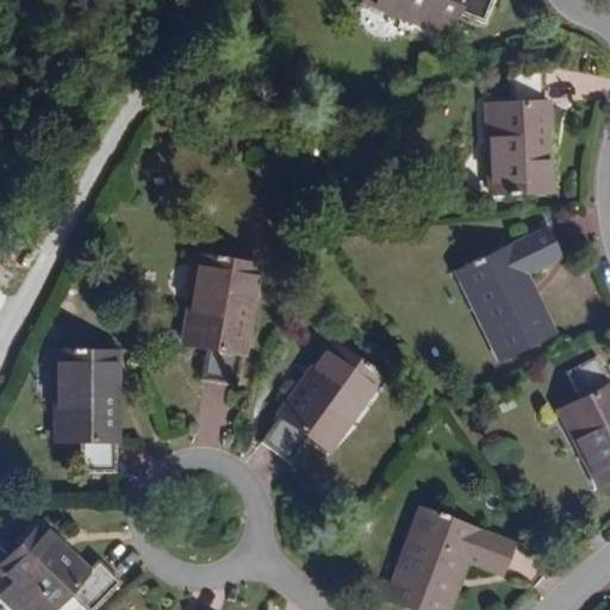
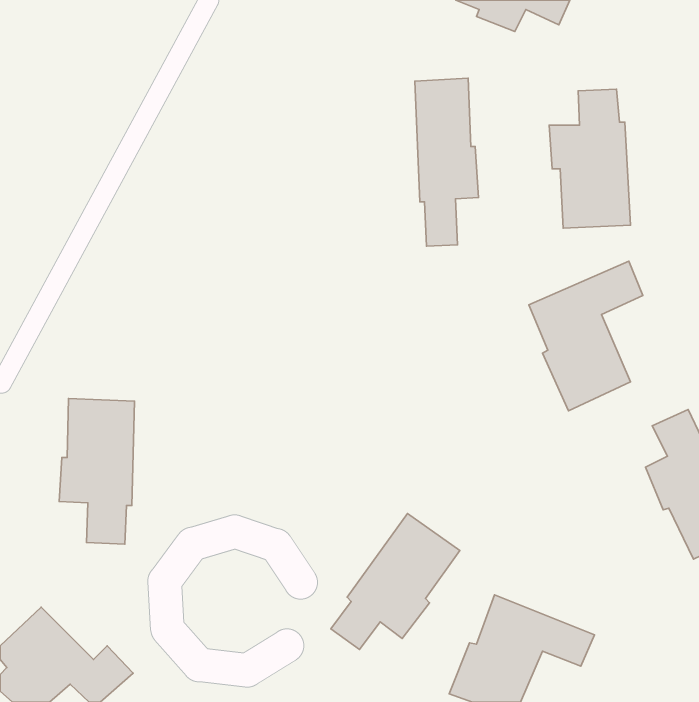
building: none -> [415,78,479,246]
building: [181,262,257,390] -> none
building: [270,341,382,459] -> [331,513,460,649]

